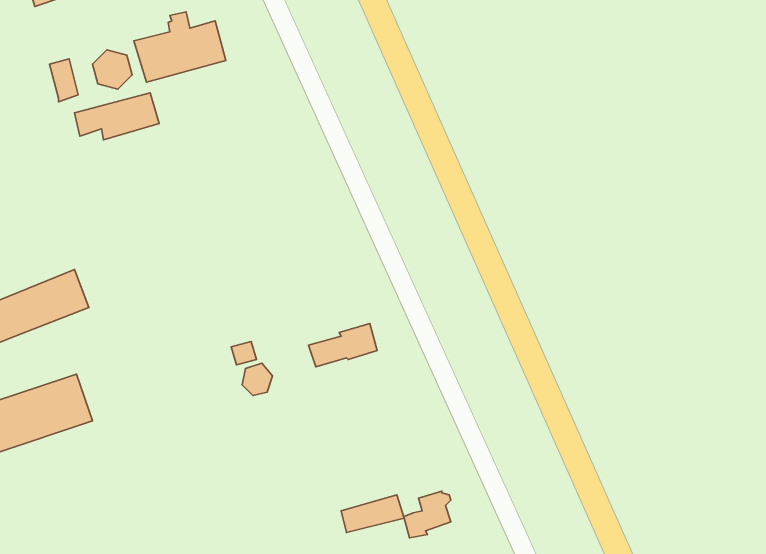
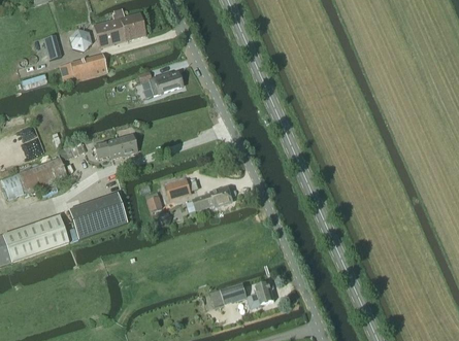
building: none -> [137,70,182,95]
building: none -> [91,134,135,158]
building: none -> [164,176,192,200]
building: none -> [70,196,124,239]

